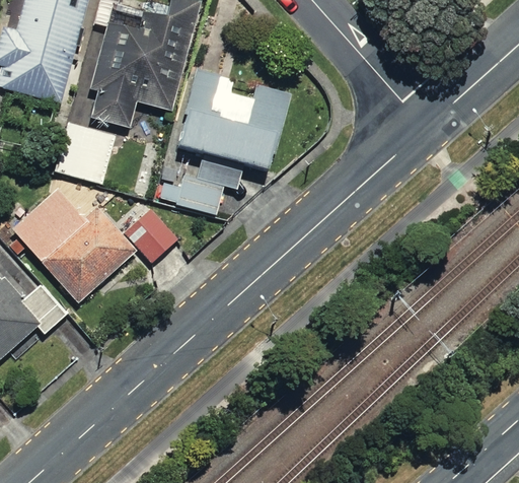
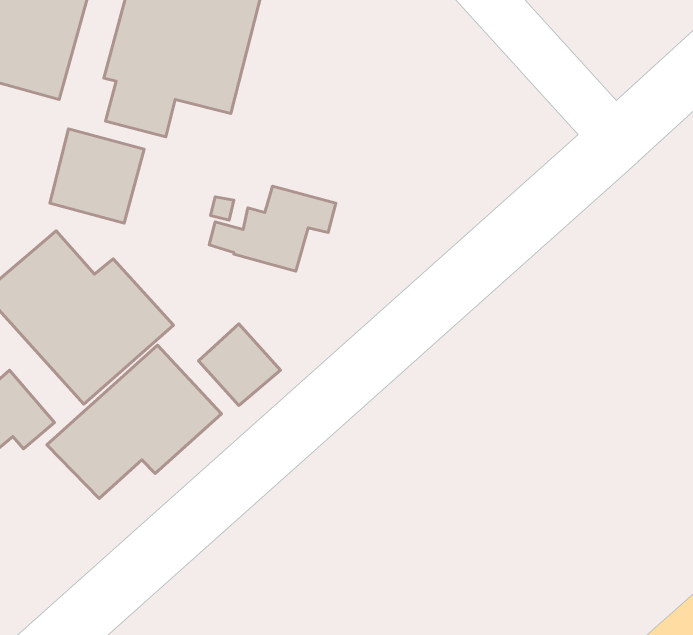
building: [174,68,291,170] -> none
building: [124,209,177,263] -> [199,324,281,406]
building: none -> [47,345,221,499]

